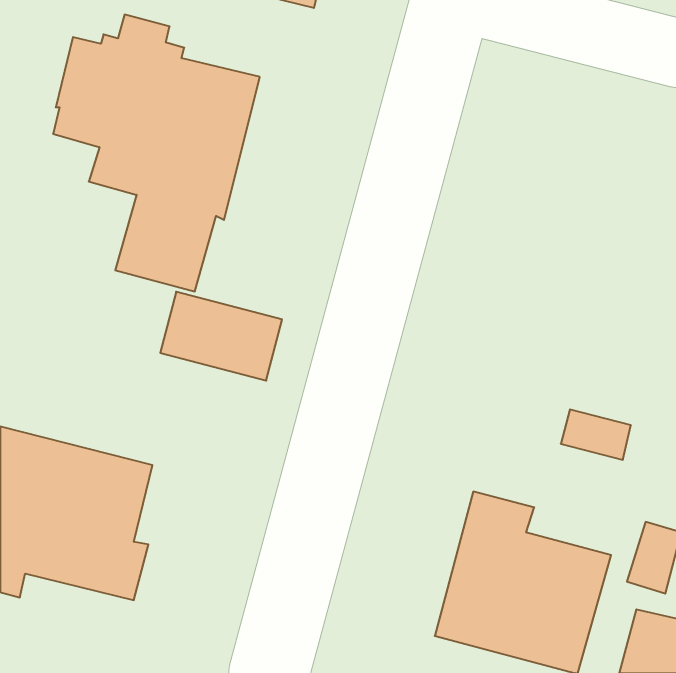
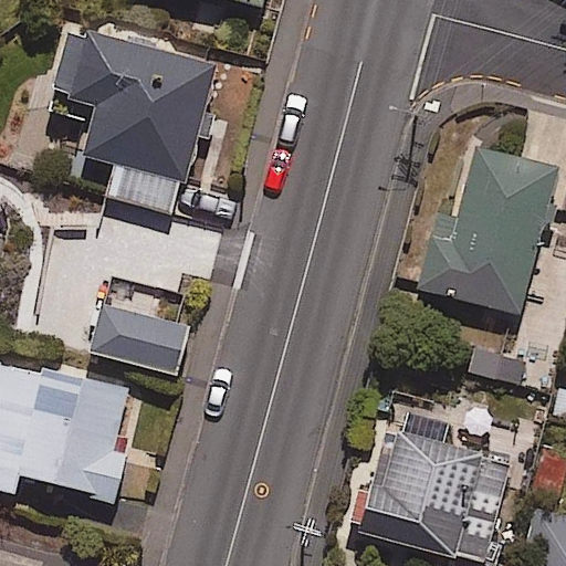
building: none -> [419,147,557,313]
building: [160,292,282,381] -> [88,302,190,376]

